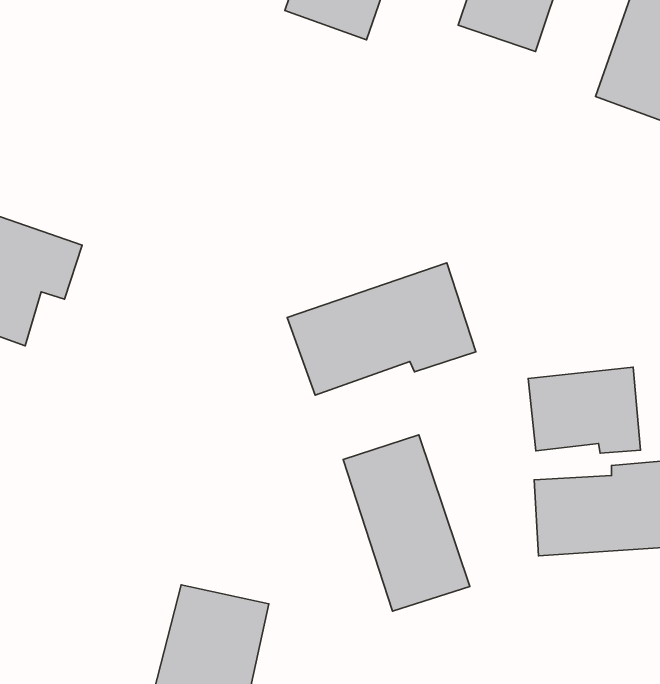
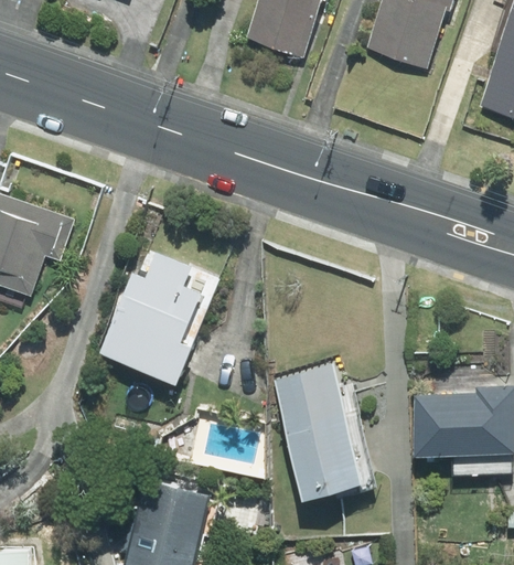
building: [287,263,476,395] -> none
building: none -> [104,250,207,379]
building: [528,367,640,453] -> none

